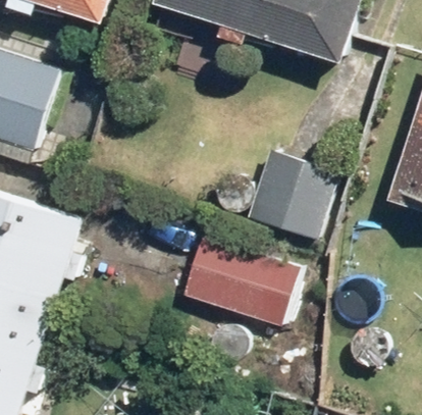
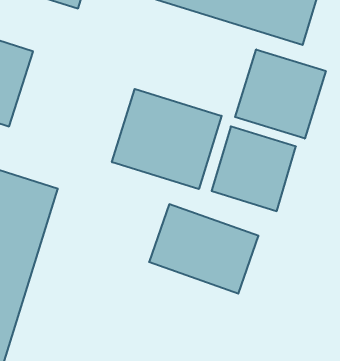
building: none -> [235,49,326,139]
building: none -> [112,89,222,189]

